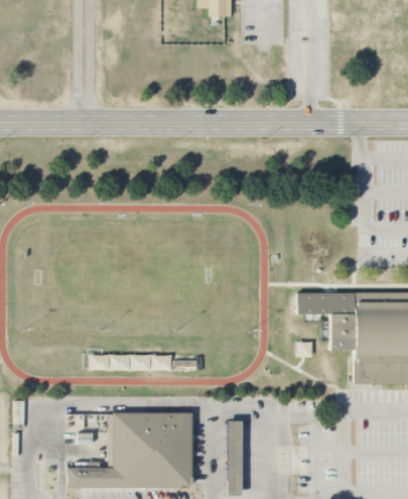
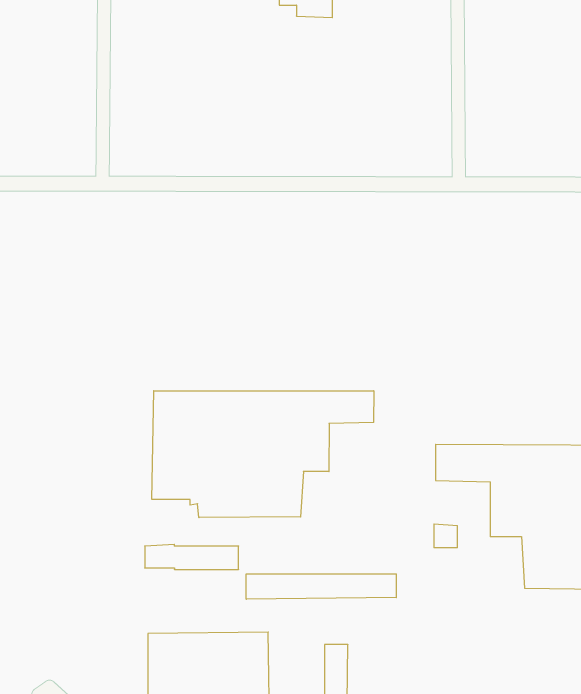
building: none -> [152,391,374,518]
building: none -> [246,574,396,599]

